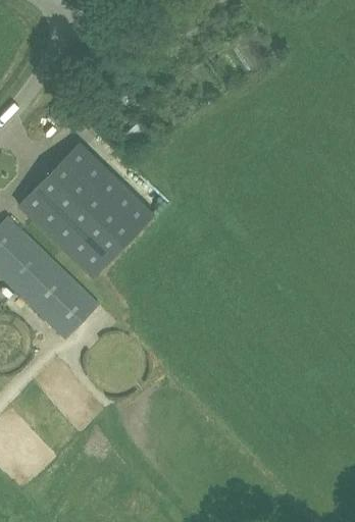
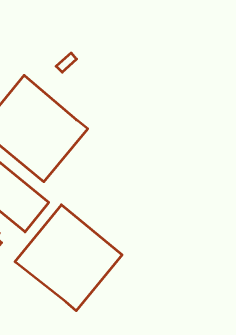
building: none -> [15,205,122,311]

